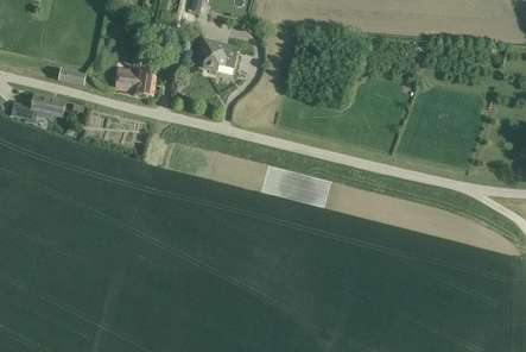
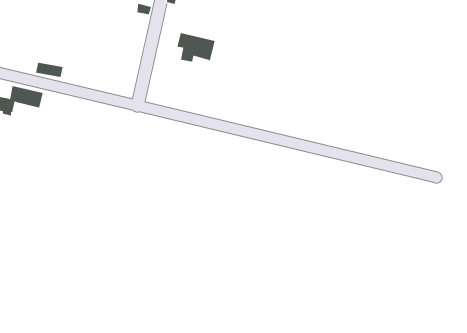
building: [115,68,156,96] -> none

